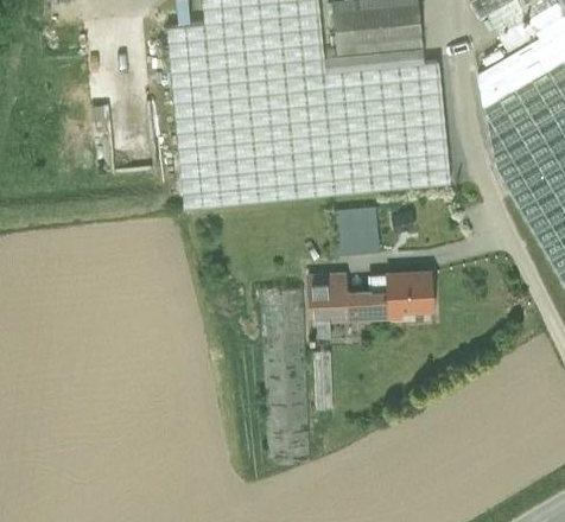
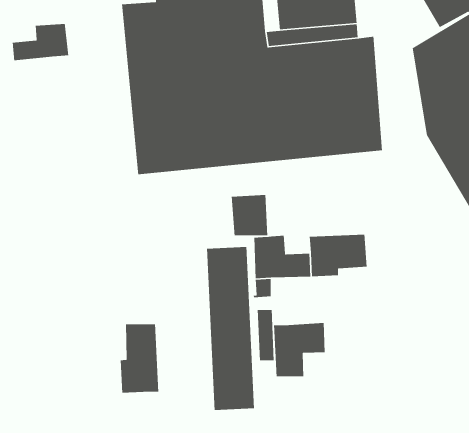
building: none -> [12,23,69,61]
building: [331,210,372,255] -> [231,194,268,236]
building: none -> [273,322,326,377]
building: none -> [120,324,159,394]

